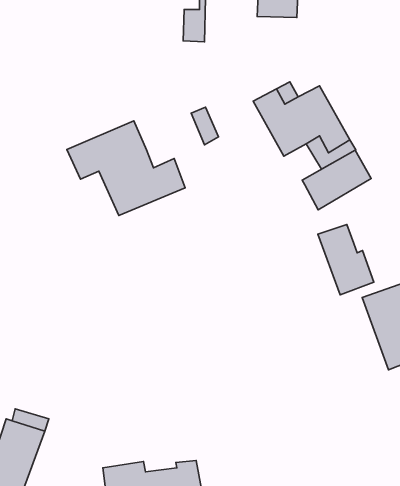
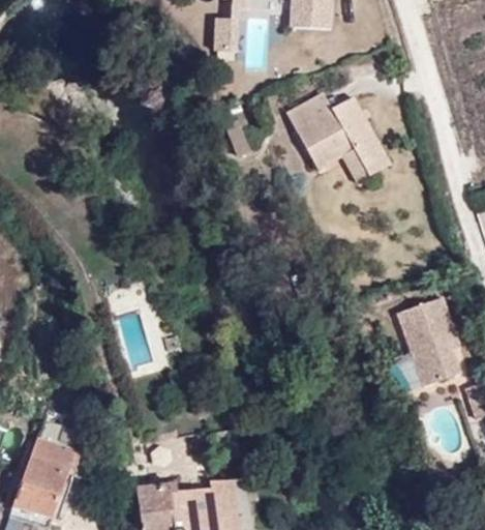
building: [67,121,185,215] -> none
building: [302,150,371,210] -> none
building: [318,225,374,295] -> none

